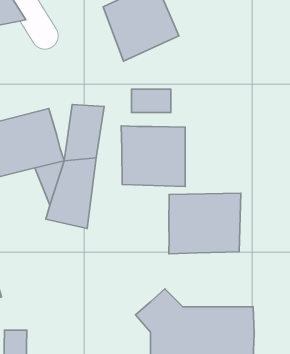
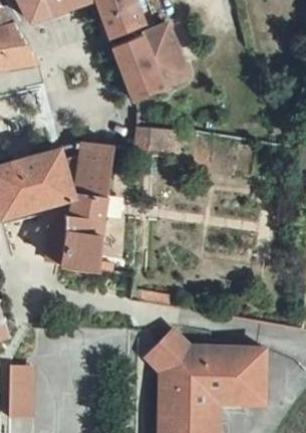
building: [121,126,185,187] -> none
building: [169,193,241,254] -> none

